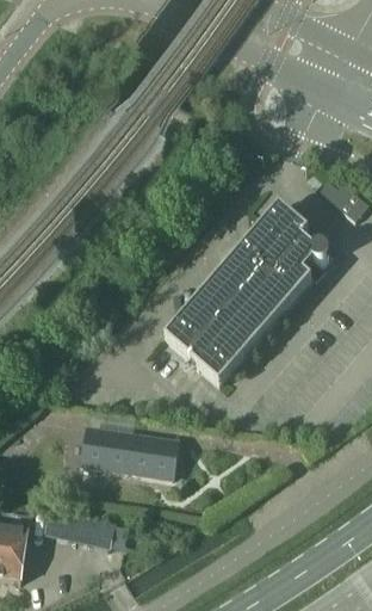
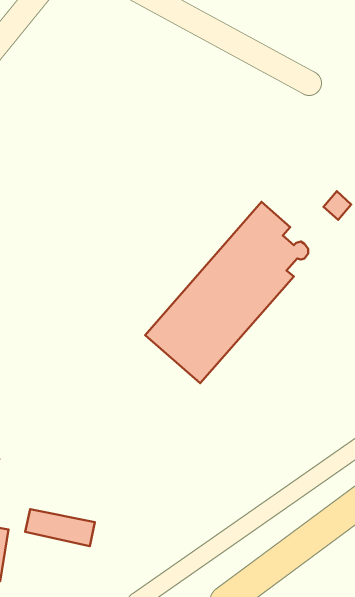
building: [80,427,176,476] -> none

